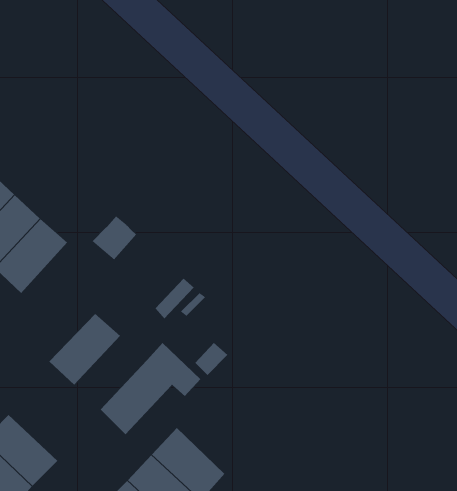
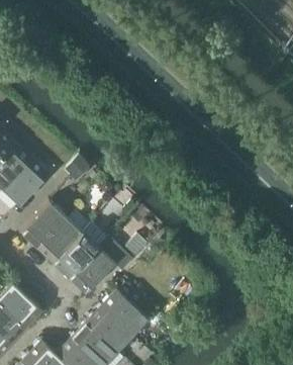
building: none -> [19,202,65,249]
building: none -> [52,233,97,279]

